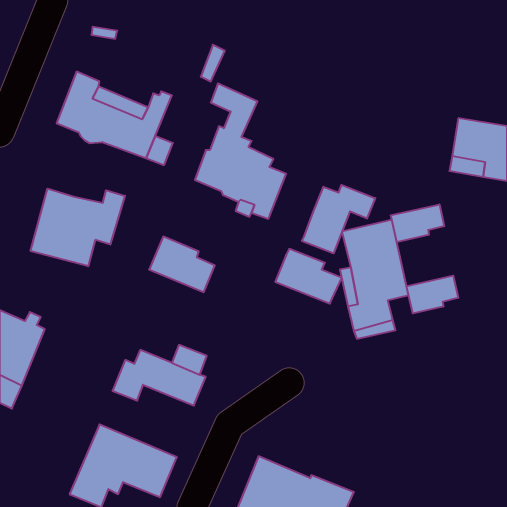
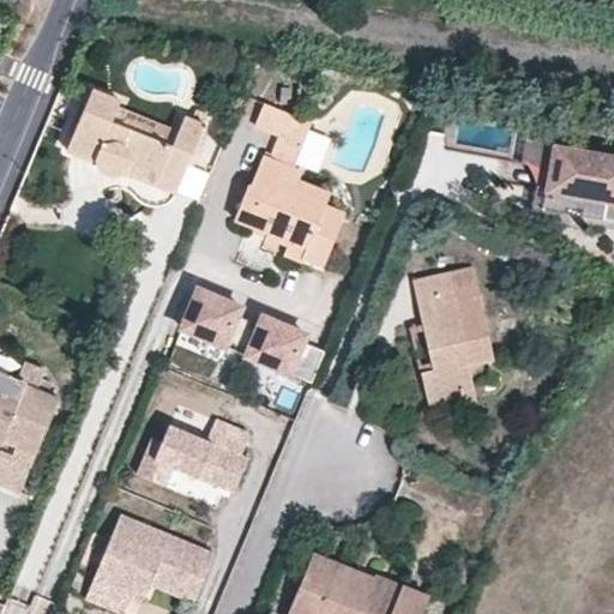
building: [302,185,375,253] -> none
building: [31,189,125,266] -> none
building: [391,204,444,242] -> none
building: [275,249,342,304] -> [246,314,326,380]
building: [407,276,458,313] -> none

